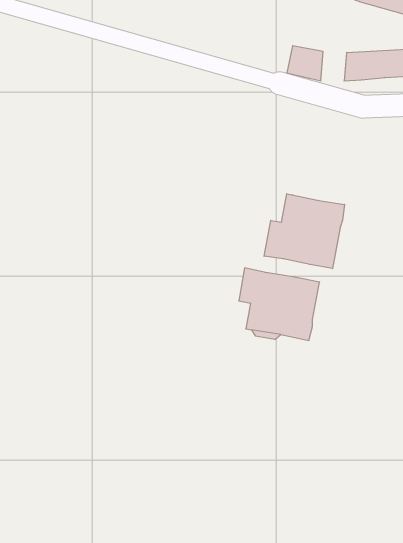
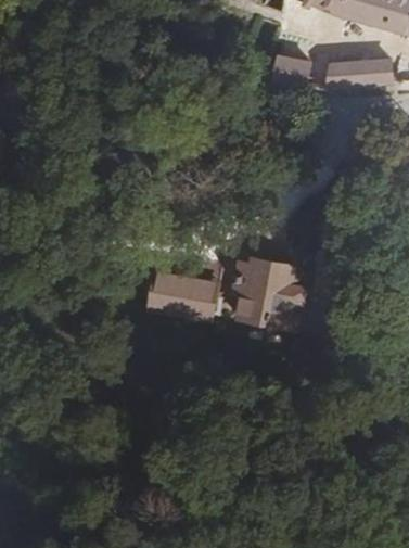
building: [264,194,345,269] -> none
building: none -> [149,270,216,319]

